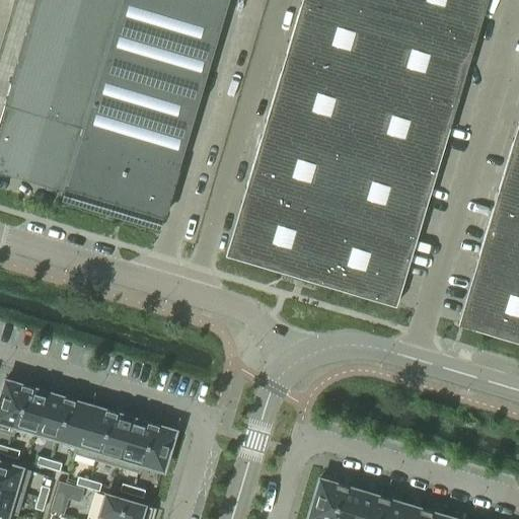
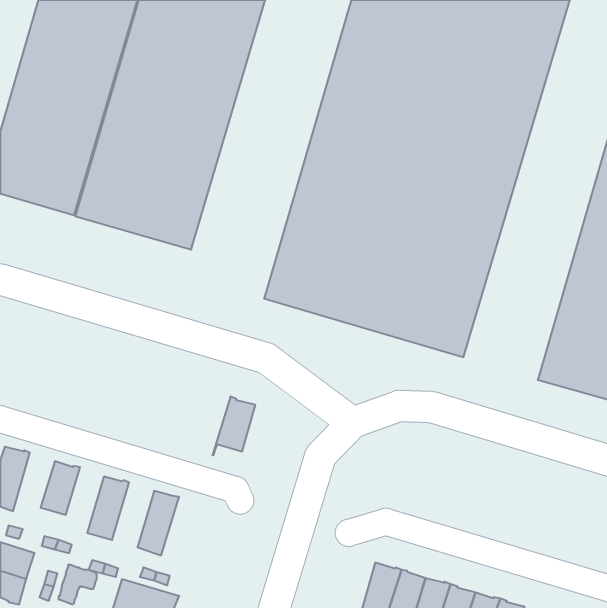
building: [14,386,50,436] -> none
building: [59,398,91,454] -> none
building: [98,412,134,466] -> none
building: [140,424,176,473] -> [212,397,255,455]

